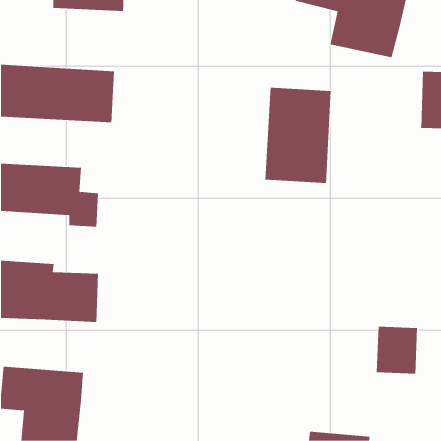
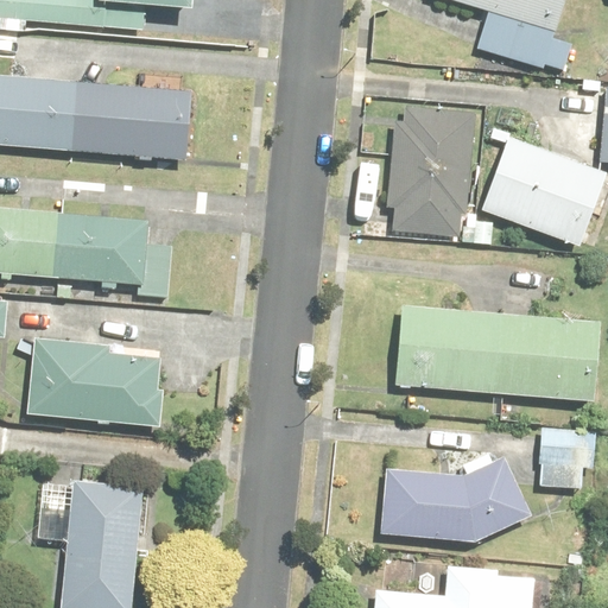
building: none -> [463,142,597,258]
building: none -> [382,306,589,414]
building: none -> [365,468,514,555]

